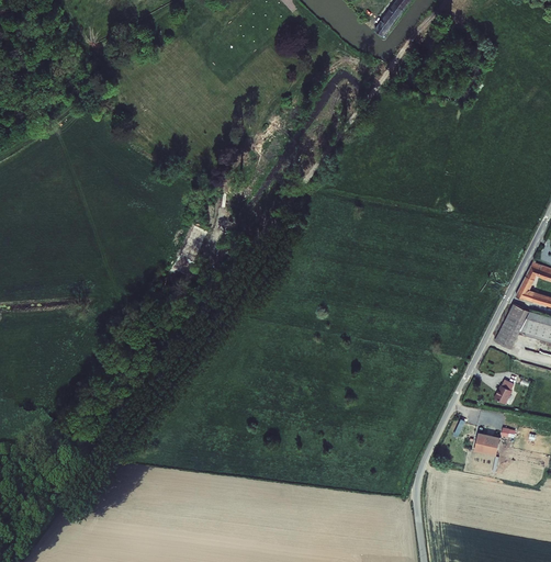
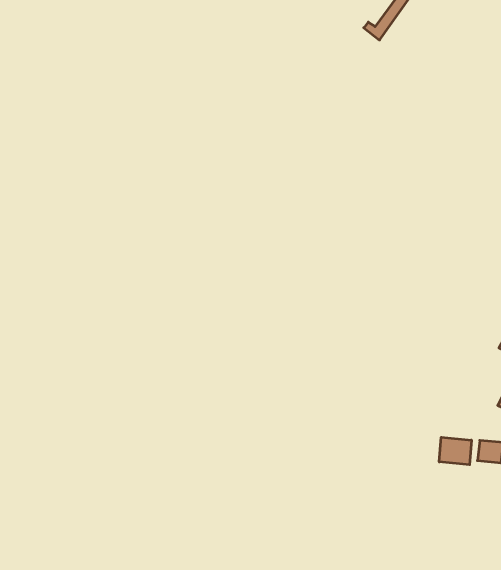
building: none -> [439,437,471,465]

